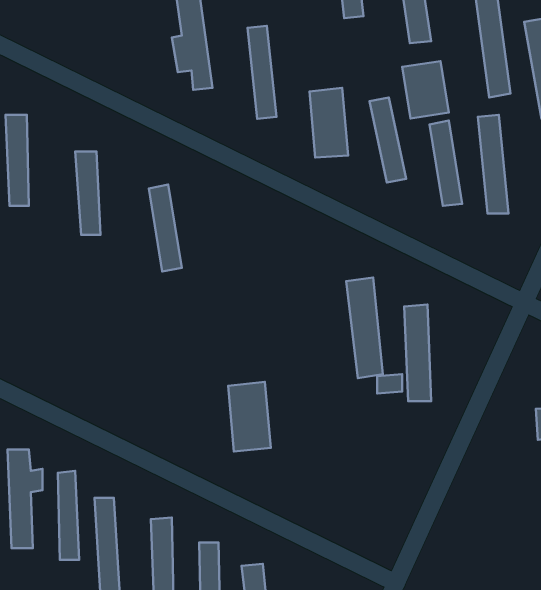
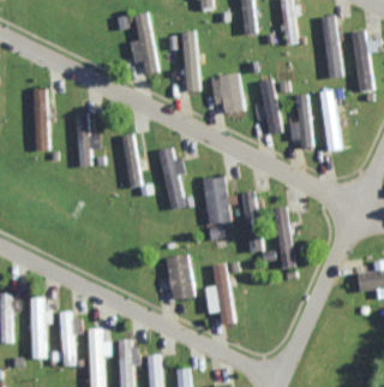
building: [402,61,449,118] -> none
building: none -> [162,148,186,210]
building: none -> [203,178,233,225]
building: none -> [205,263,236,323]

